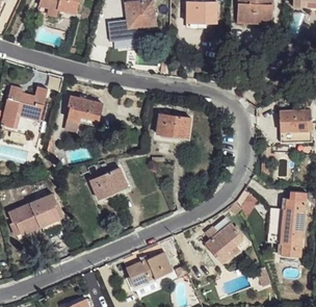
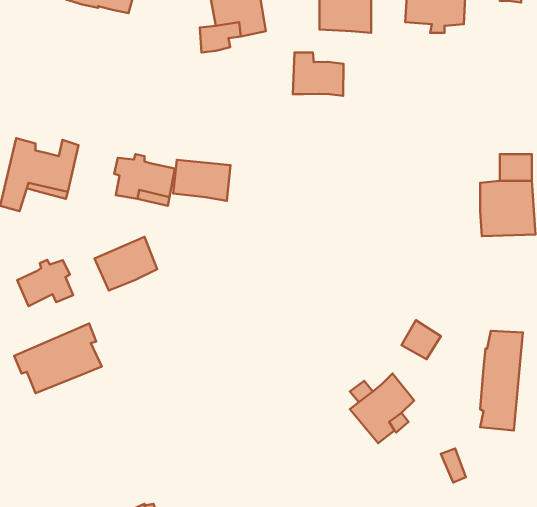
building: none -> [293,53,344,96]
building: [156,114,189,138] -> [173,160,230,201]
building: none -> [17,260,73,306]
building: [89,169,126,200] -> [95,237,157,290]
building: [123,248,172,287] -> none

